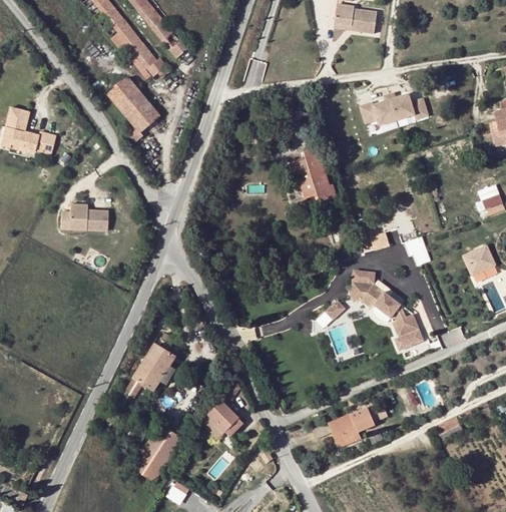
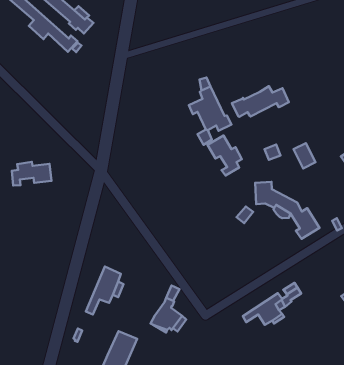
building: [107,76,158,141] -> none
building: [360,91,429,124] -> [232,86,289,117]
building: none -> [207,136,242,176]

